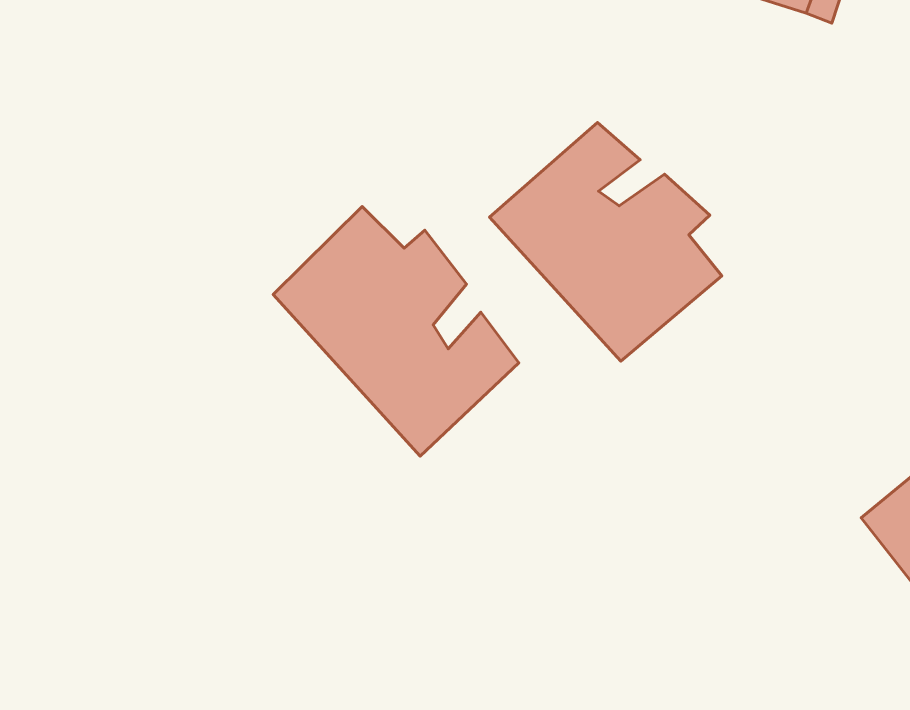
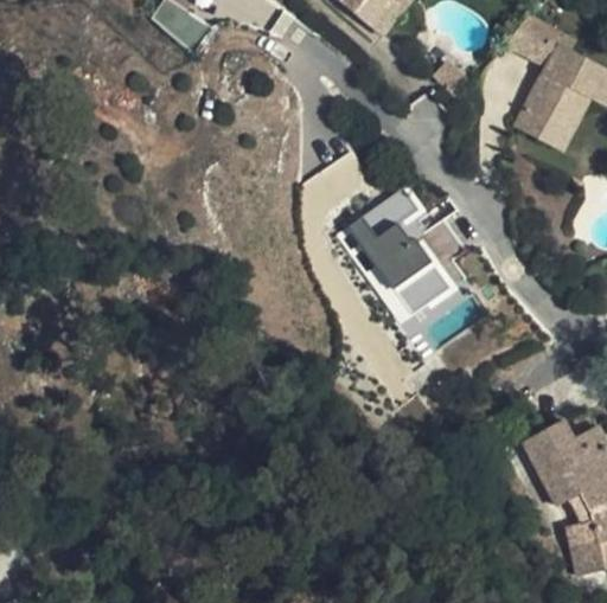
building: [273,206,519,456] -> none

